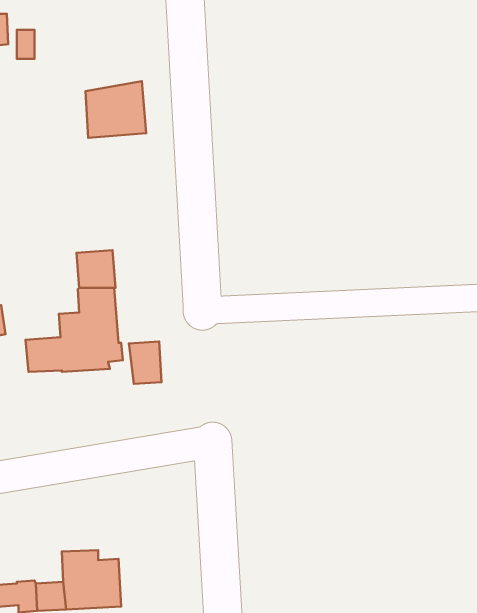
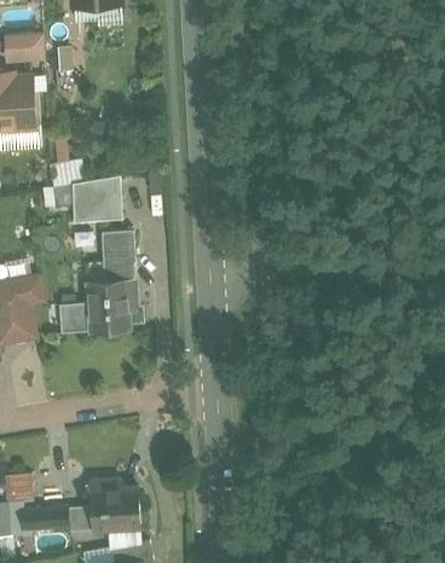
building: [85,81,146,138] -> [71,176,122,224]
building: [129,342,162,384] -> none

